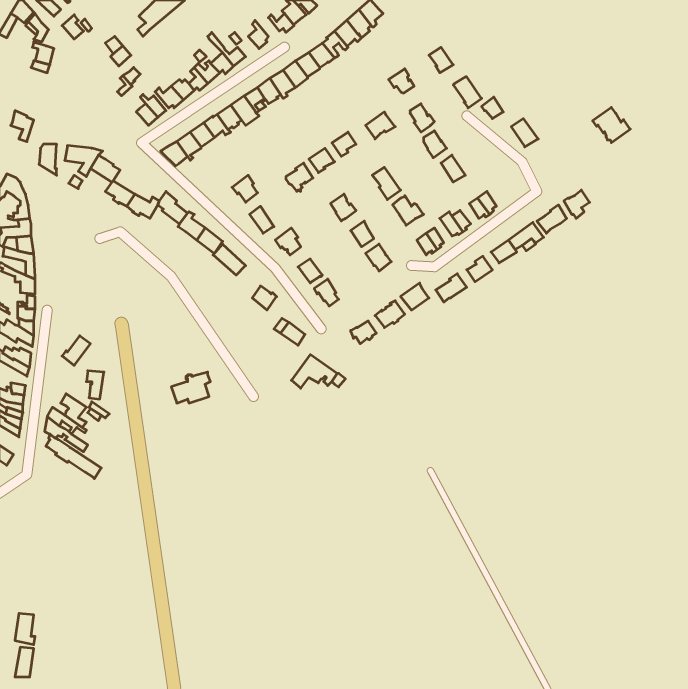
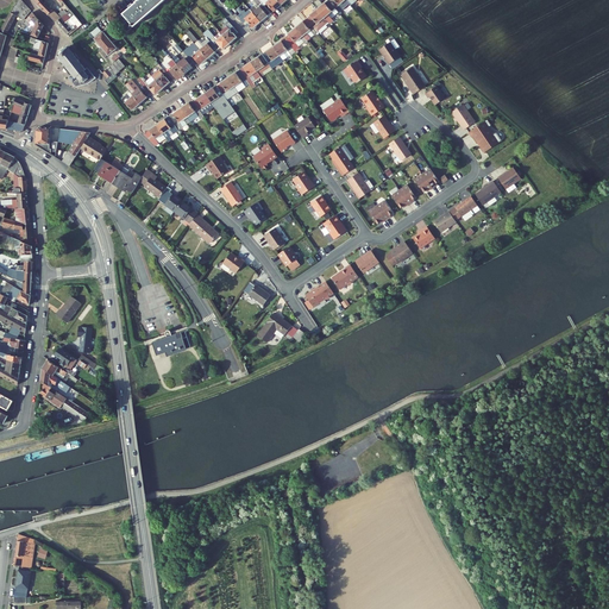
building: none -> [55,46,94,87]
building: [593,107,630,143] -> [467,121,501,152]

